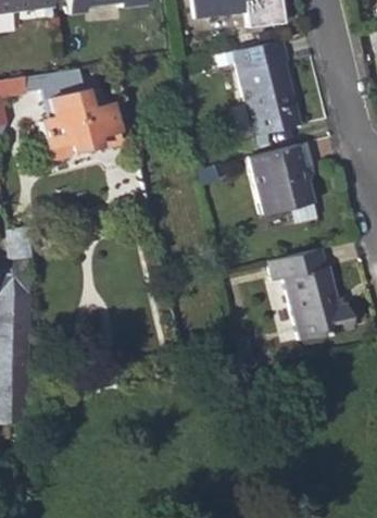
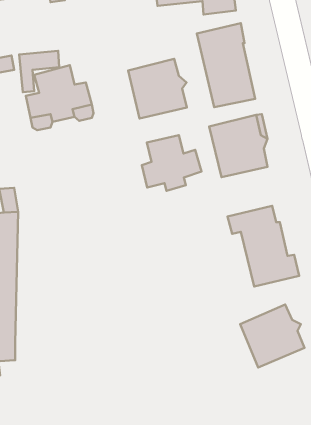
building: none -> [128,59,187,119]
building: none -> [142,135,201,191]
building: none -> [240,305,305,367]

